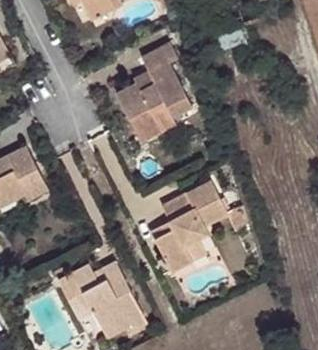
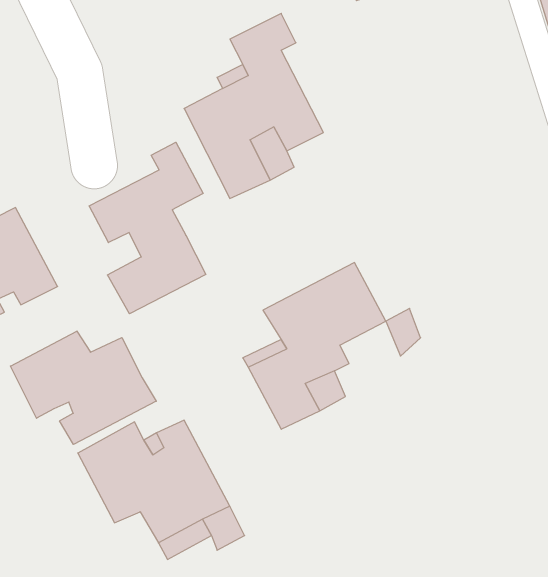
building: none -> [89,142,206,314]
building: none -> [10,331,156,444]

